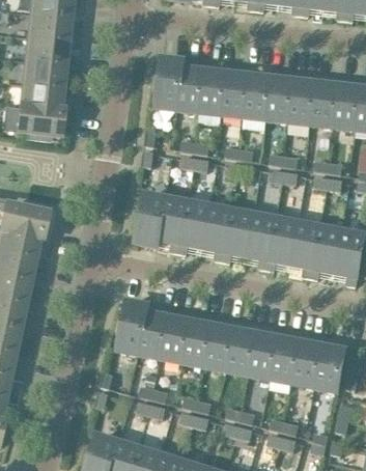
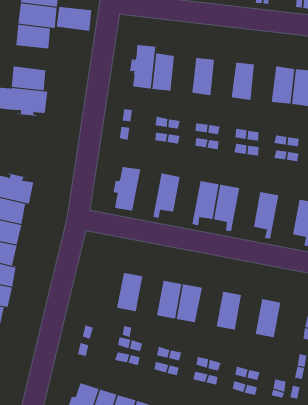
building: [23,61,65,89] -> [56,6,94,32]
building: [199,73,226,114] -> none
building: [244,77,271,119] -> none
building: [288,82,315,124] -> none
building: [157,199,188,252] -> none
building: [202,207,231,260] -> none
building: [266,220,298,271] -> none
building: [310,228,341,279] -> none
building: [115,303,147,354] -> none
building: [161,318,190,362] -> none
building: [226,331,256,375] -> none
building: [271,339,300,383] -> none
building: [314,348,345,391] -> none

